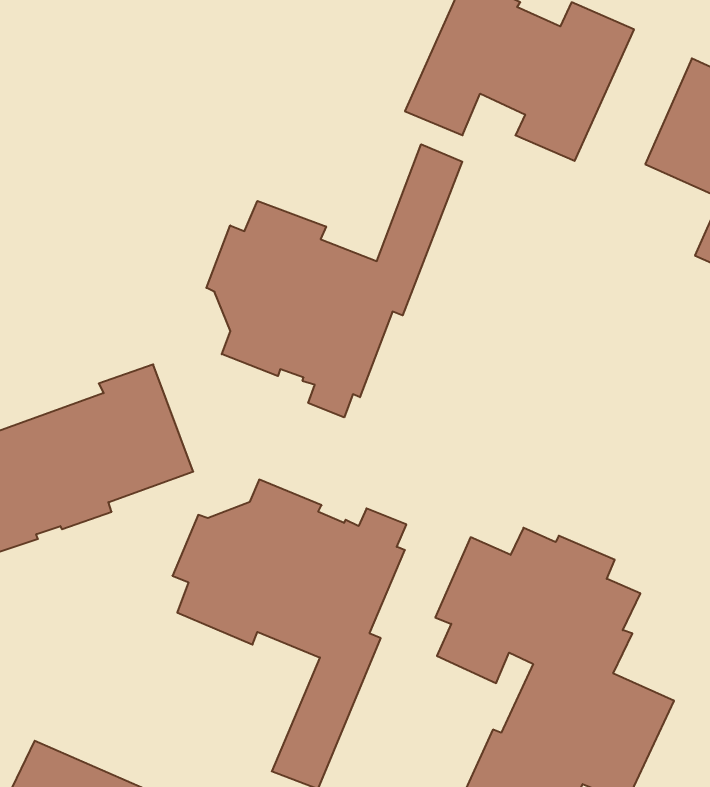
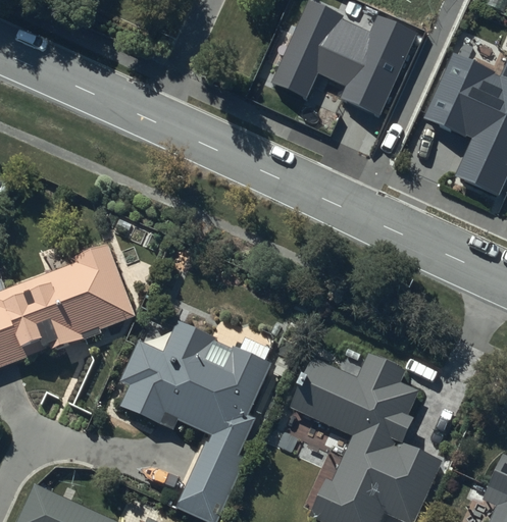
building: [206,144,462,417] -> none

